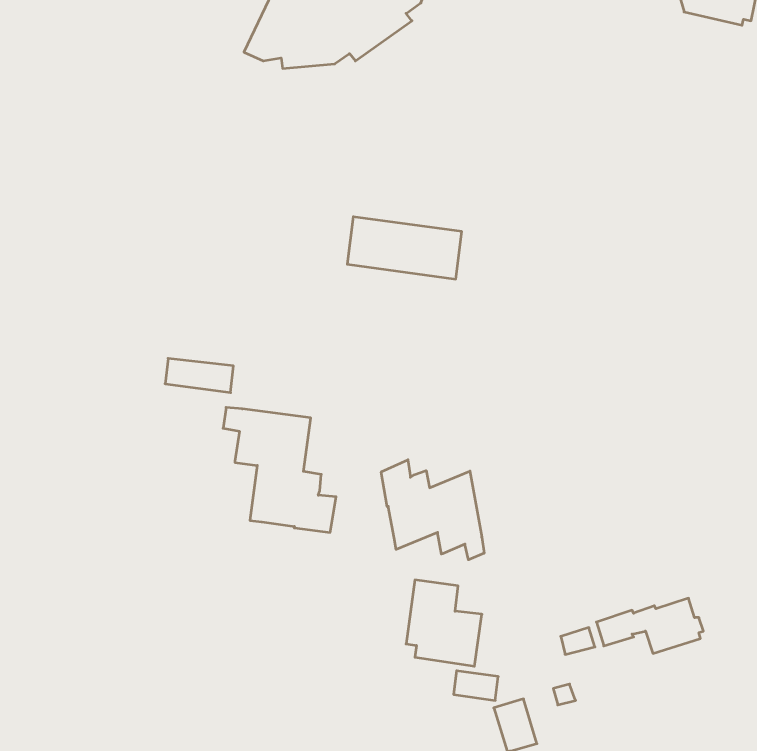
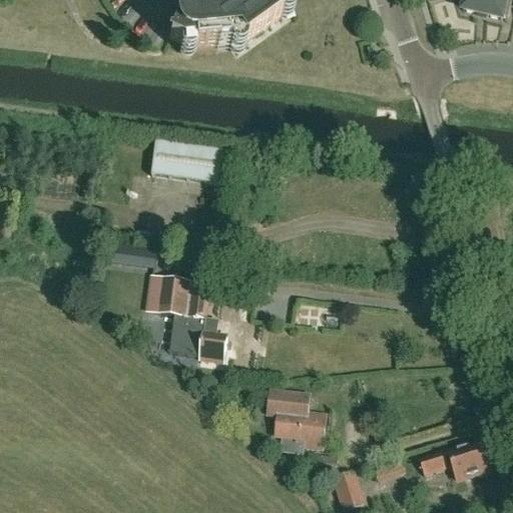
building: [347,217,462,279] -> [150,140,227,182]
building: [381,460,484,560] -> none
building: [596,598,703,653] -> [418,442,490,479]

